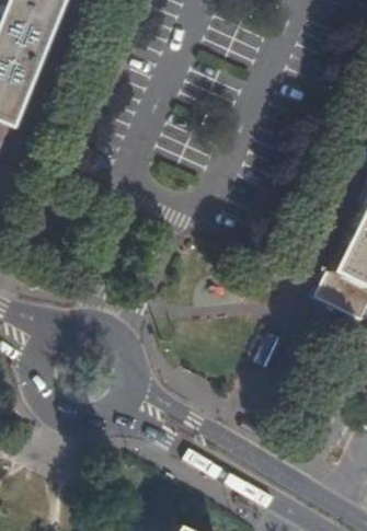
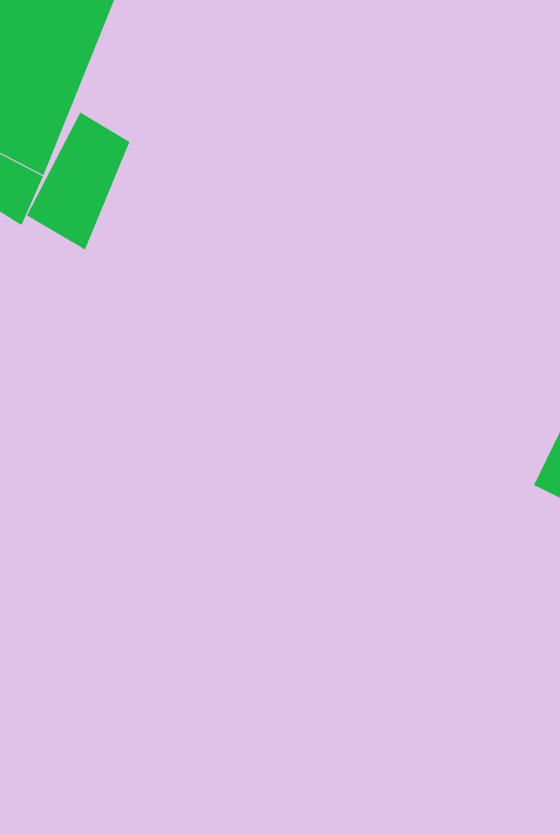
building: none -> [26,112,130,251]

